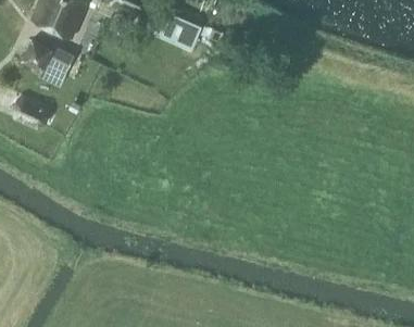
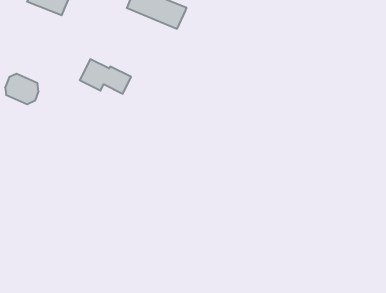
building: [23,39,76,75] -> [80,59,131,94]

